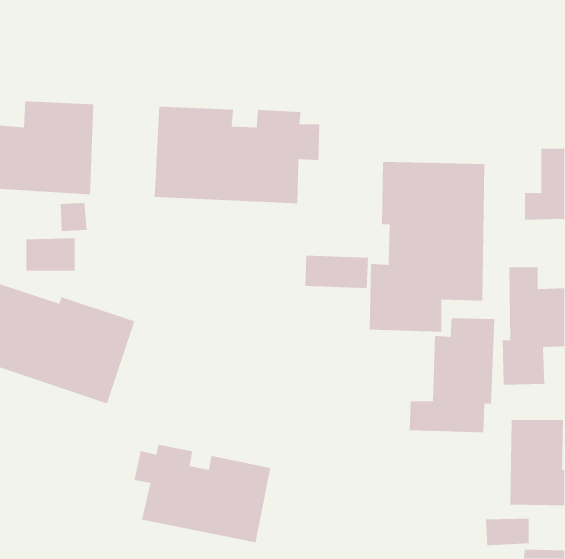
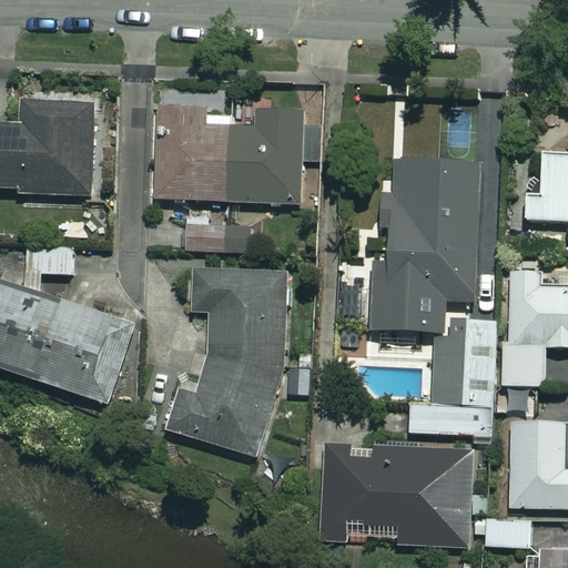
building: [304,255,369,288] -> [186,217,251,251]
building: none -> [161,267,285,458]
building: none -> [321,439,470,546]
building: [134,444,271,543] -> none

